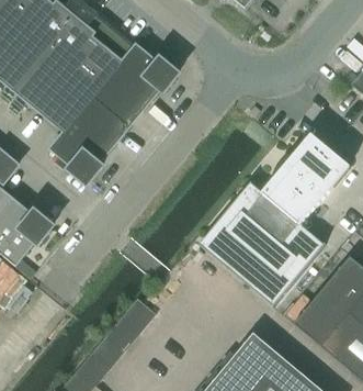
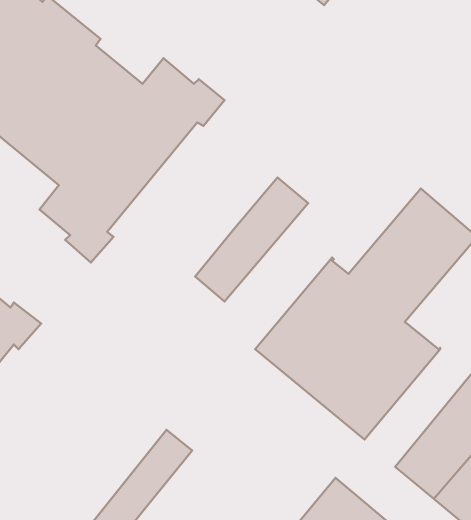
building: none -> [195,177,308,301]

